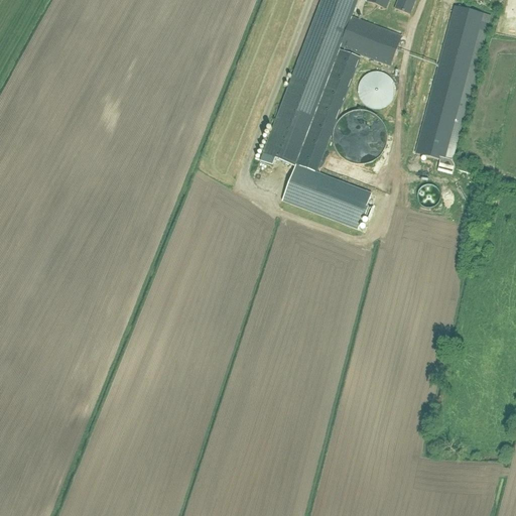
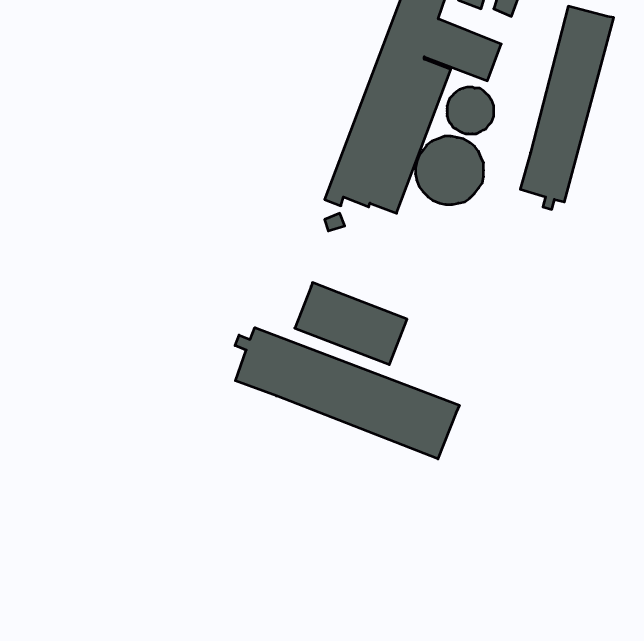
building: [281,162,371,228] -> [295,283,407,365]
building: none -> [235,328,459,459]

